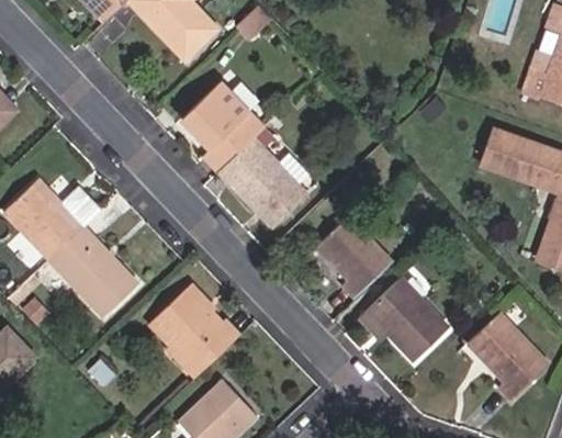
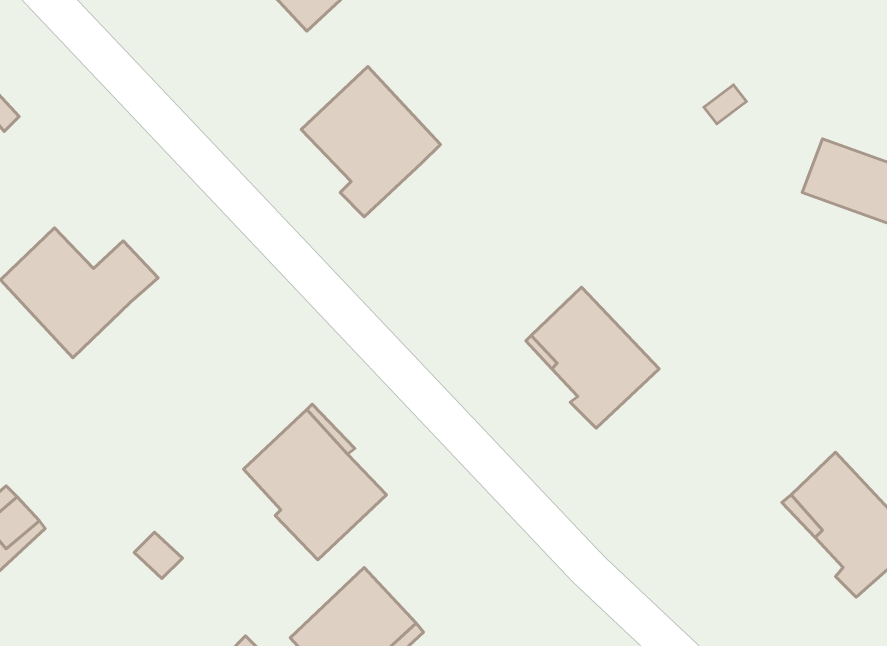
building: [220,141,310,231] -> none
building: [47,223,136,315] -> none
building: [366,277,447,358] -> none

